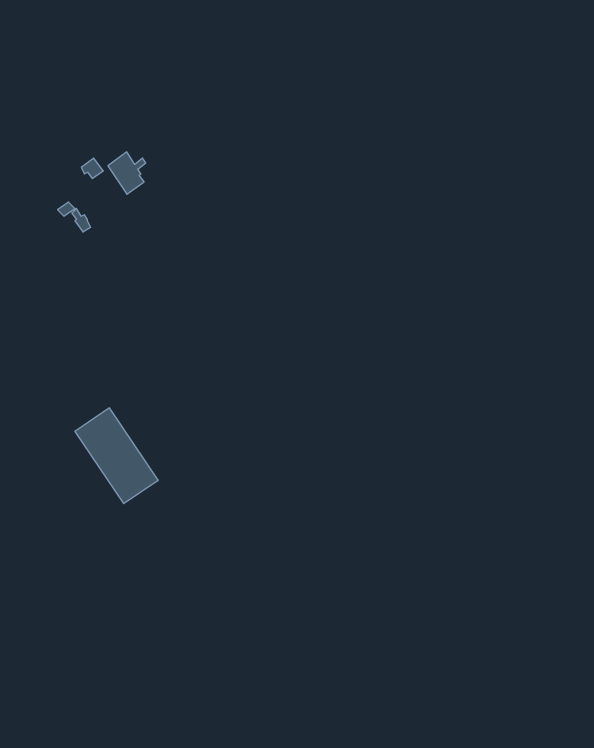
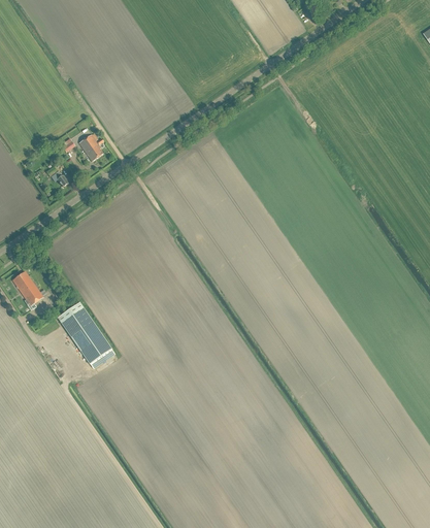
building: none -> [12,270,42,305]

